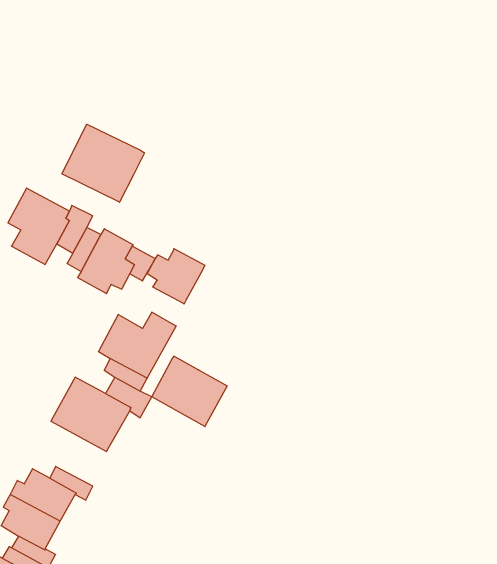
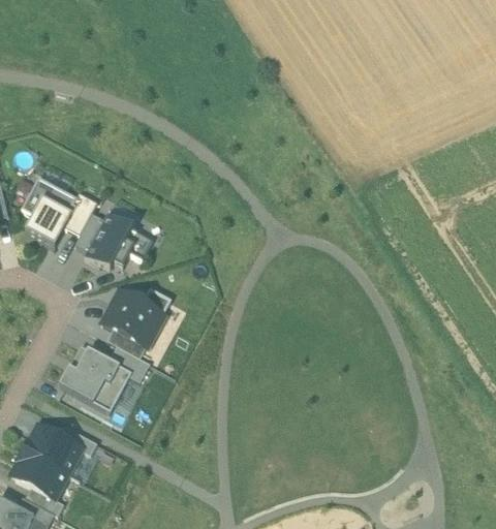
building: [62,124,144,202] -> none
building: [147,249,205,304] -> none
building: [152,356,227,427] -> none

